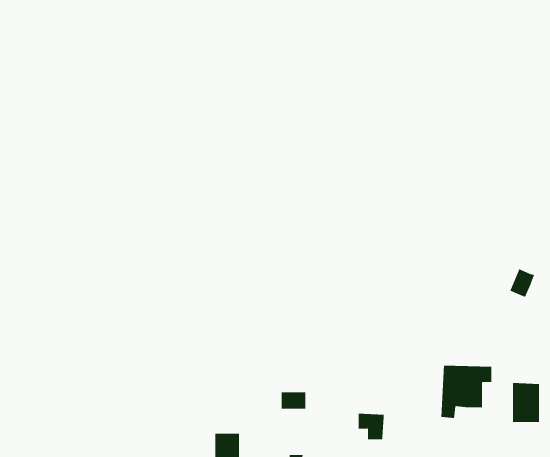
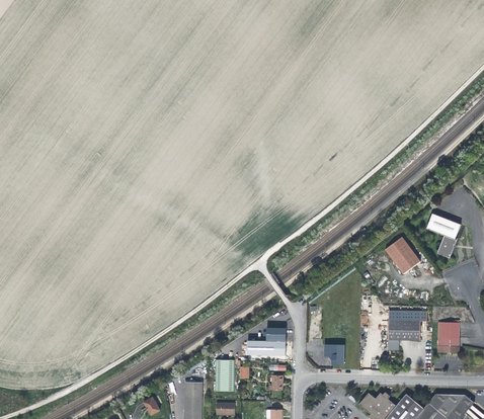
building: none -> [427,213,461,238]
building: none -> [386,236,420,272]
building: none -> [245,341,284,355]

